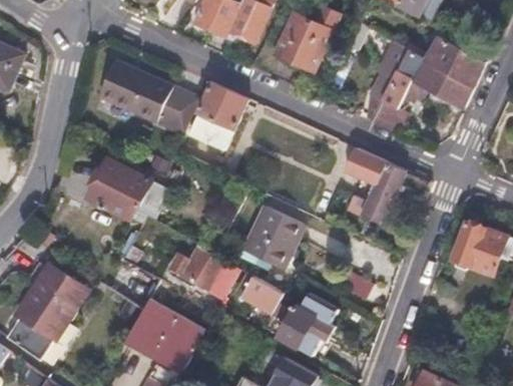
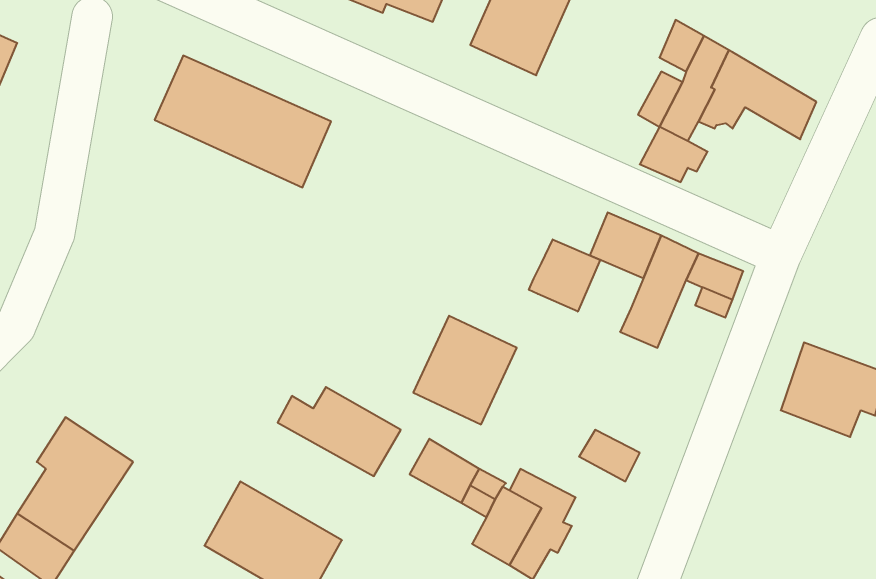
building: [423,35,481,86] -> none
building: [188,84,245,149] -> none
building: [89,160,151,217] -> none
building: none -> [529,239,600,312]

